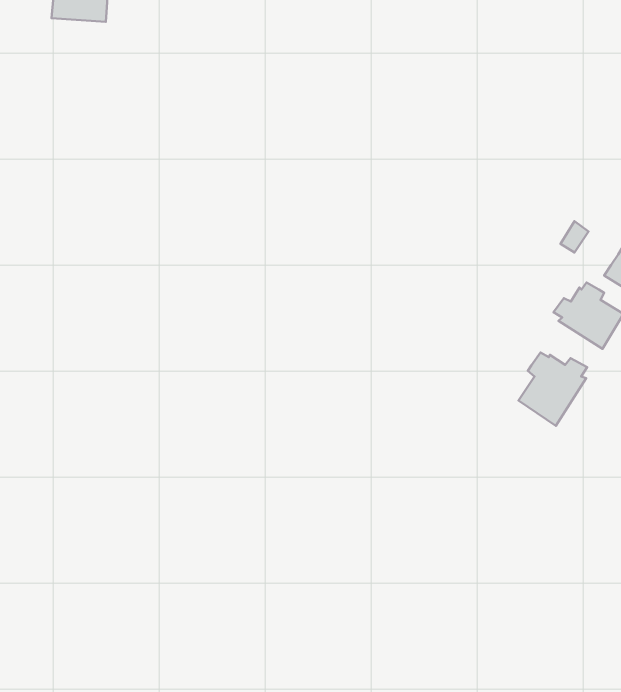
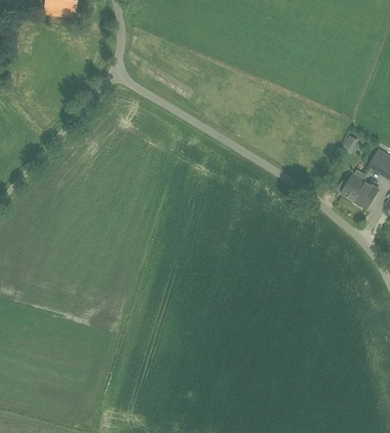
building: [519,353,587,426] -> none

